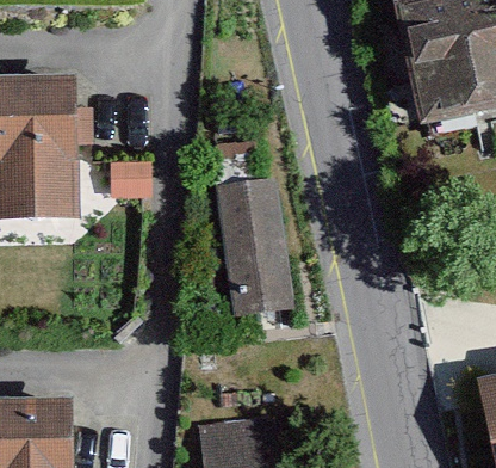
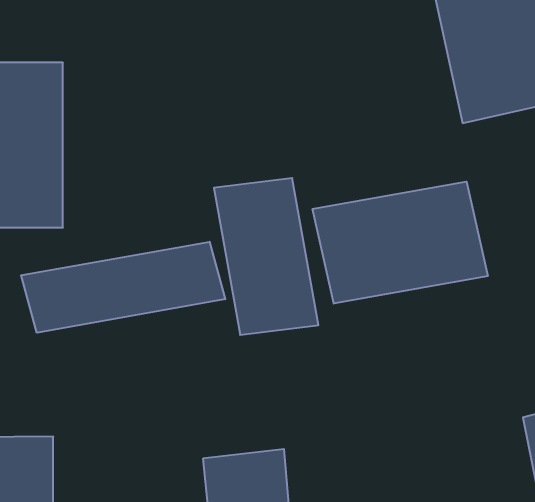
building: none -> [313,182,488,304]
building: none -> [21,242,225,333]

